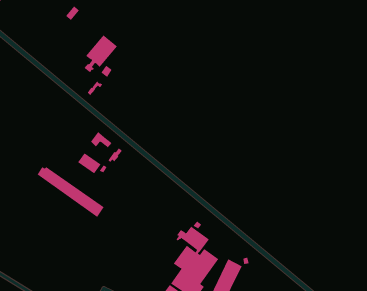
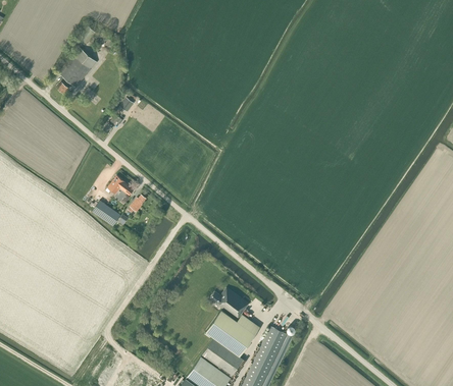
building: [84,34,118,73] -> [56,48,97,94]
building: [37,166,104,218] -> none

